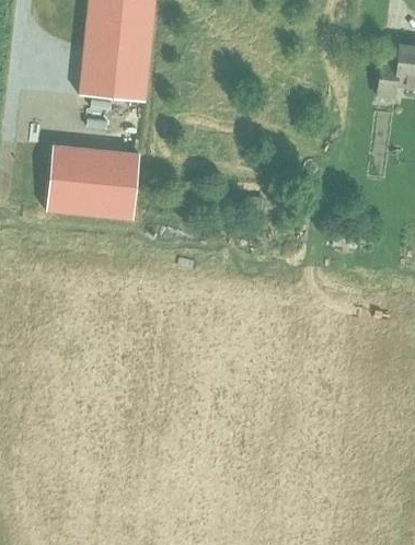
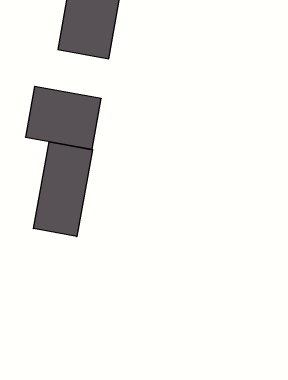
building: none -> [33,142,93,237]

